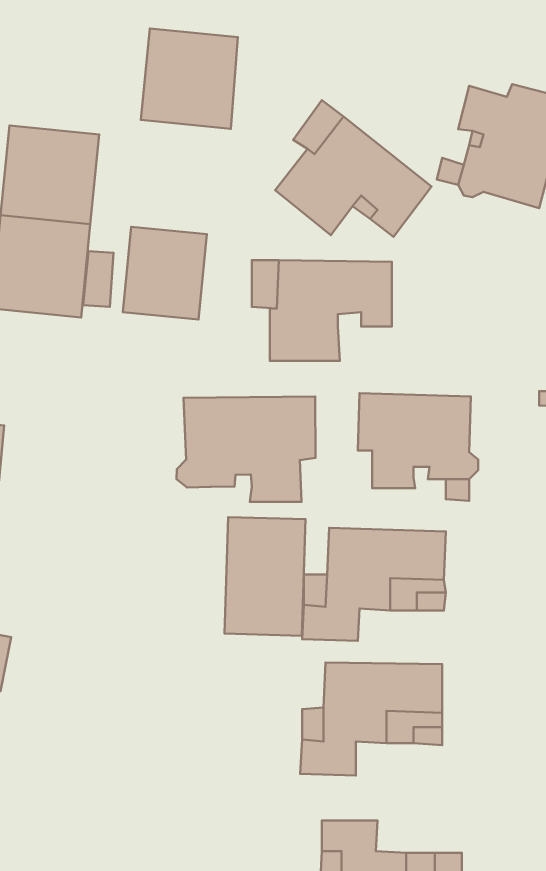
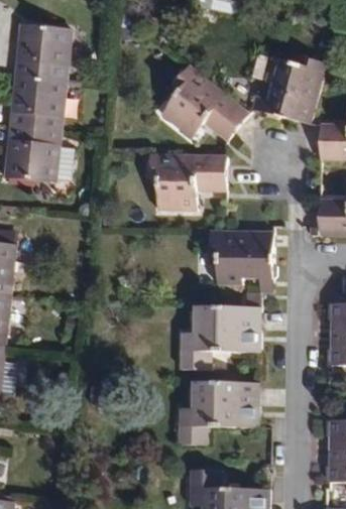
building: [141,28,238,129] -> [15,26,70,83]
building: [123,227,207,320] -> none
building: [176,397,316,502] -> none
building: [224,517,306,636] -> none

